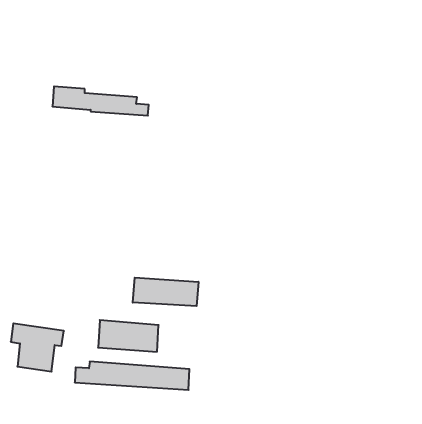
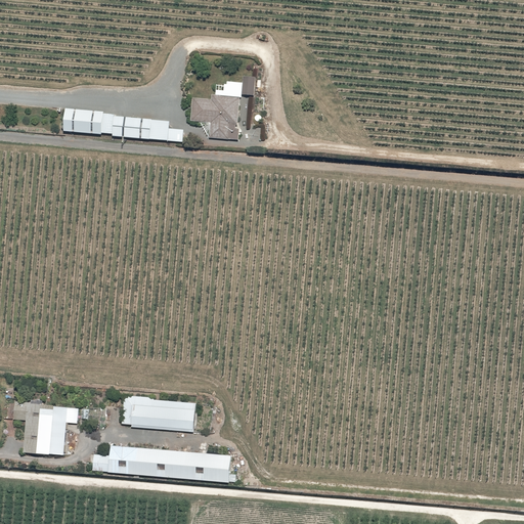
building: none -> [191,77,255,140]
building: [133,278,198,306] -> none

